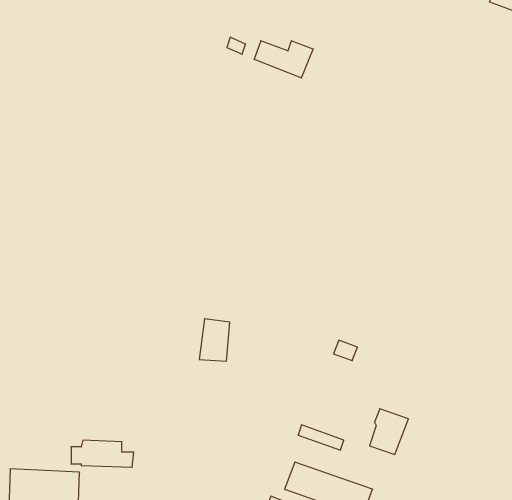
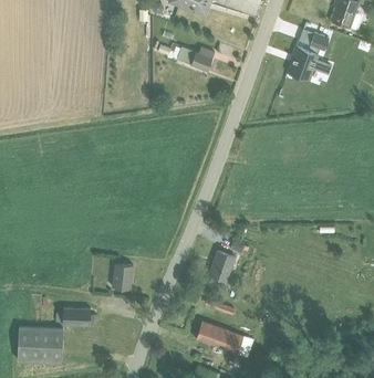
building: none -> [288,32,329,80]
building: [199,319,230,361] -> [112,261,132,288]
building: [370,409,408,454] -> [210,250,236,280]

